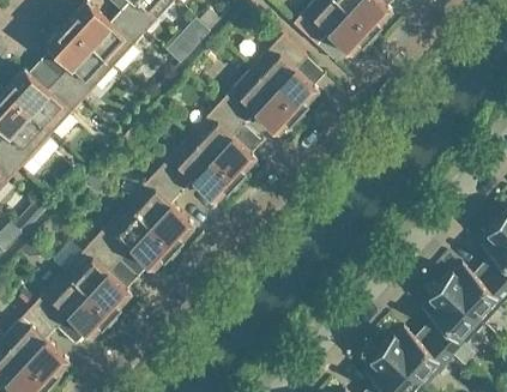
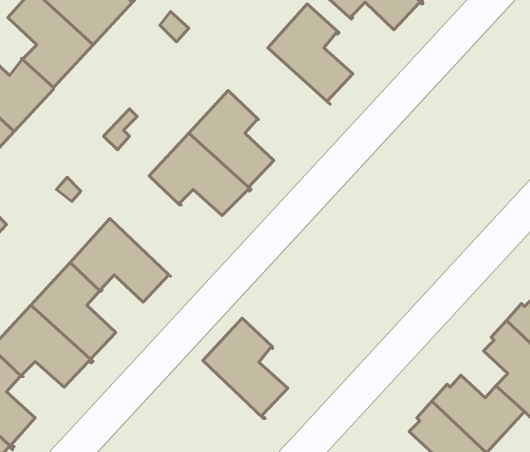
building: [219,68,300,133] -> none
building: [126,169,193,248] -> [203,318,288,418]

